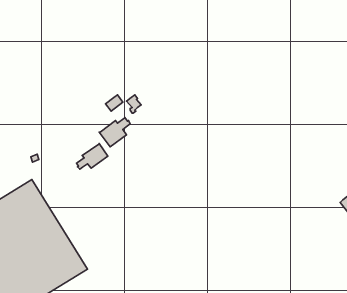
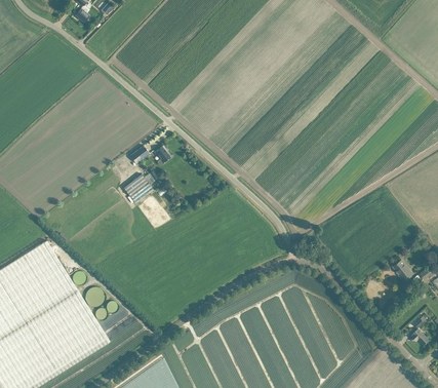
building: [76,143,108,169] -> none

